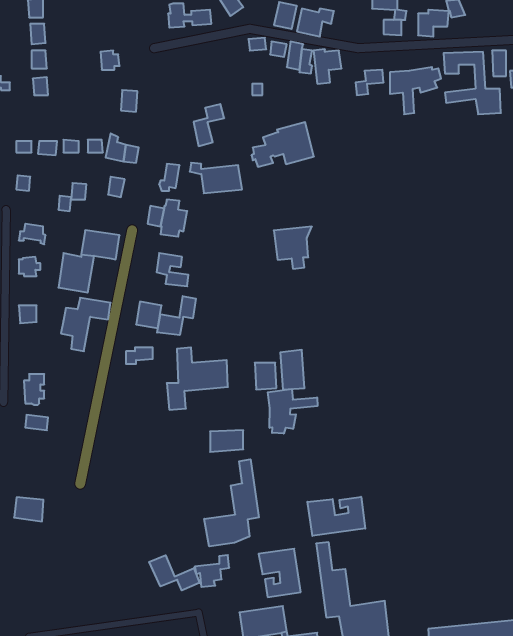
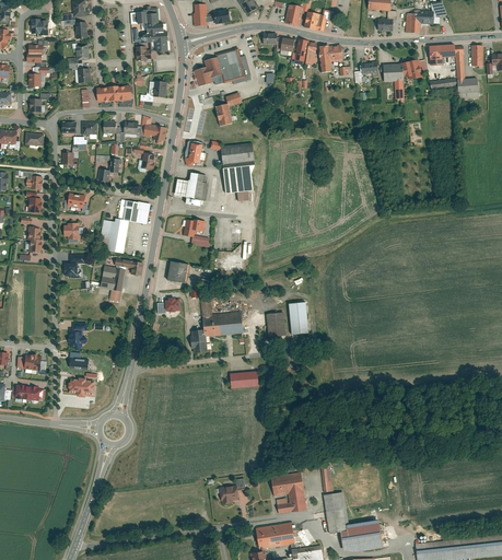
building: none -> [139,9,171,52]
building: none -> [95,84,131,102]
building: [251,122,314,167] -> [195,48,248,86]
building: [274,227,312,269] -> [223,164,256,200]
building: [157,296,196,335] -> none
building: [268,389,317,434] -> none
building: [204,459,259,546] -> none
building: [307,497,365,536] -> none
building: [14,497,43,521] -> [69,378,94,399]
building: [149,555,200,590] -> none

